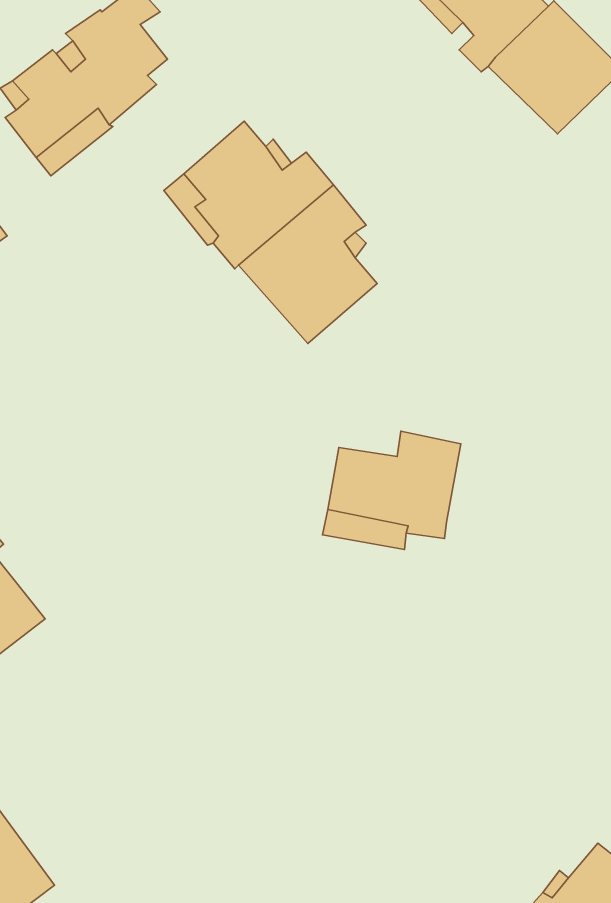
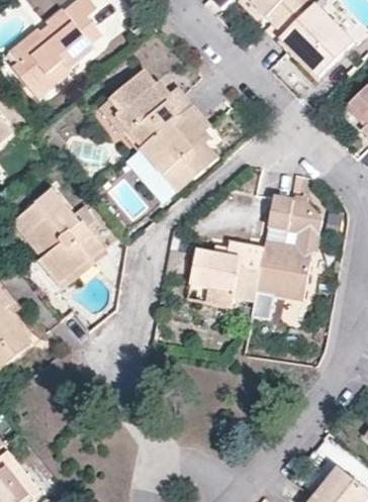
building: none -> [13,187,105,288]
building: none -> [252,195,323,318]

